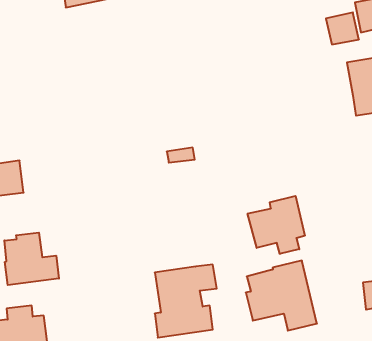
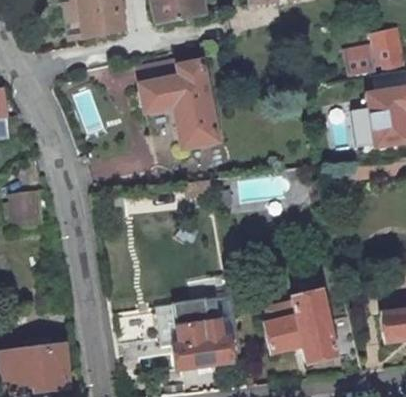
building: none -> [138,59,217,147]
building: [248,196,305,254] -> none
building: [4,233,59,285] -> none

